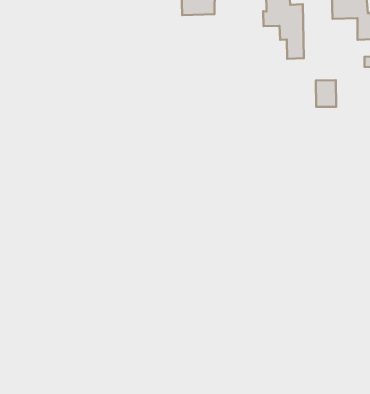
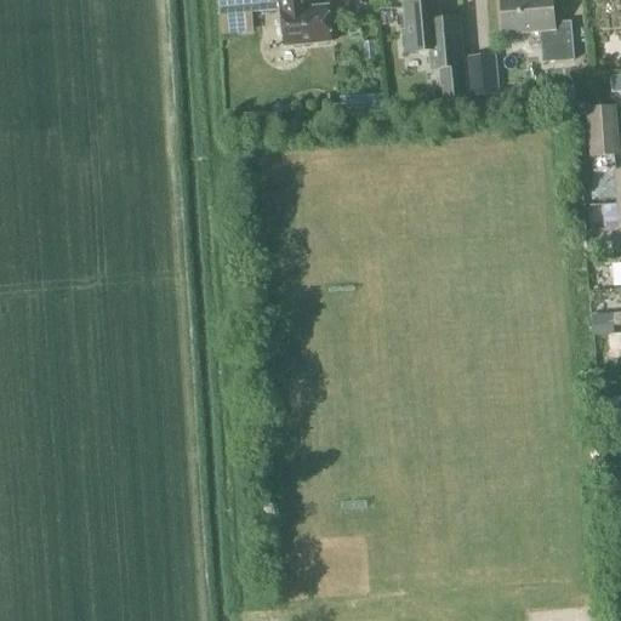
building: [316,80,336,107] -> [466,52,498,93]

